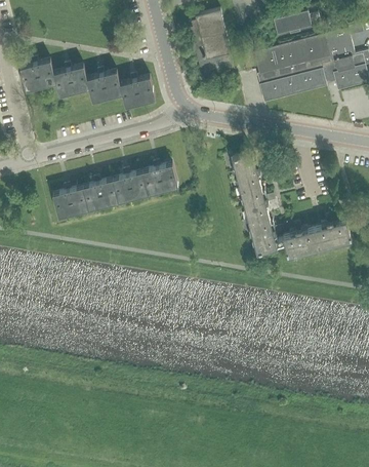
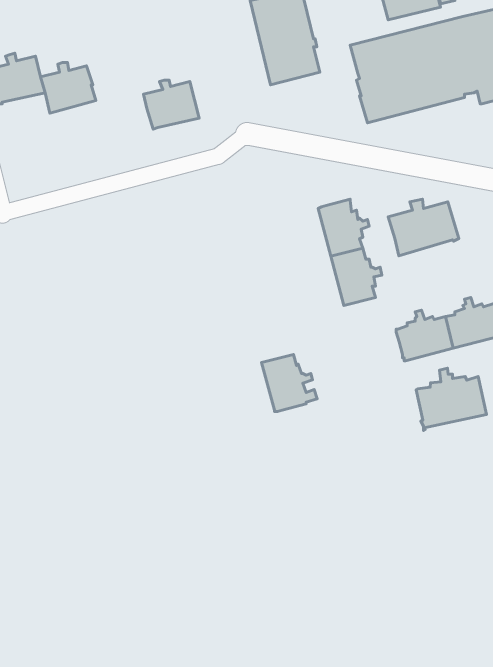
building: [86,69,122,102] -> none
building: none -> [388,199,459,256]
building: [53,162,178,218] -> none
building: [249,216,285,252] -> [262,355,317,412]
building: none -> [416,368,487,430]

